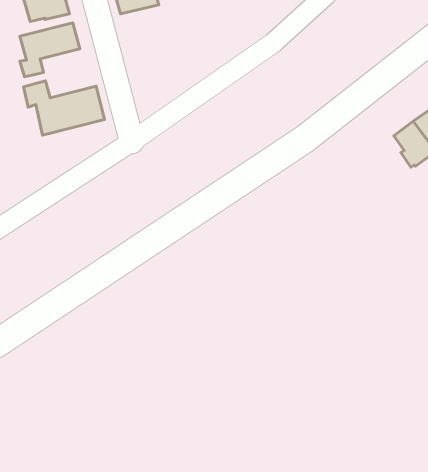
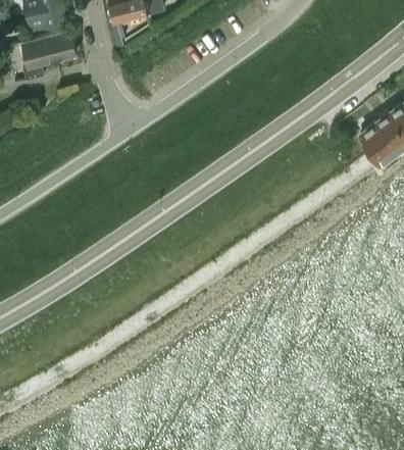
building: [24,81,104,135] -> none

